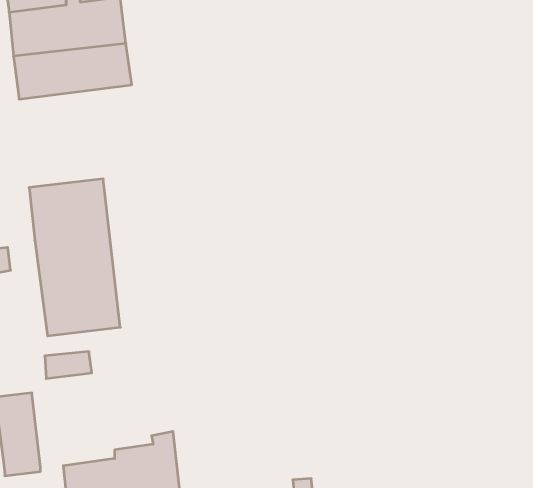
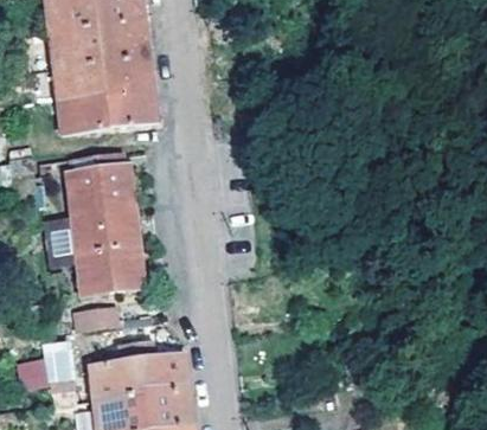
building: none -> [56,83,153,129]
building: none -> [89,340,184,399]

